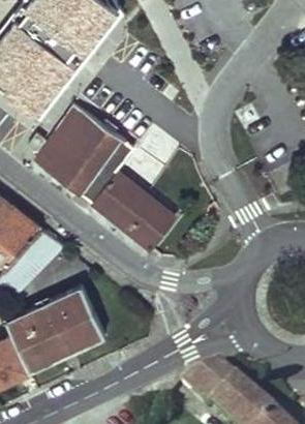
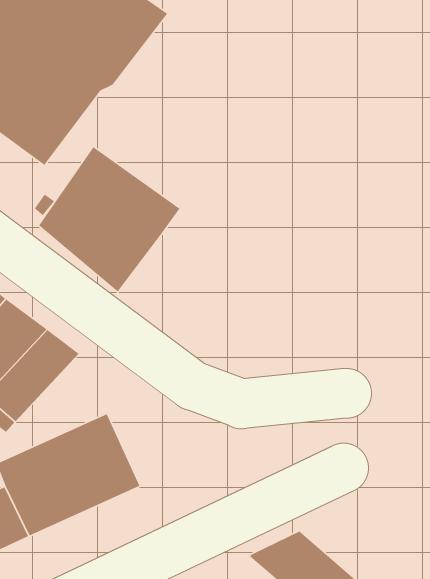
building: [91,165,180,249] -> none

